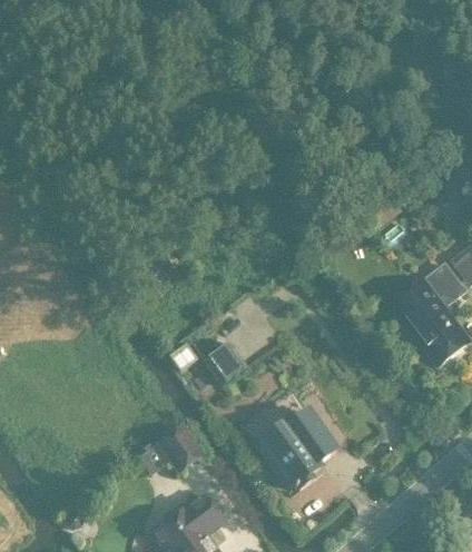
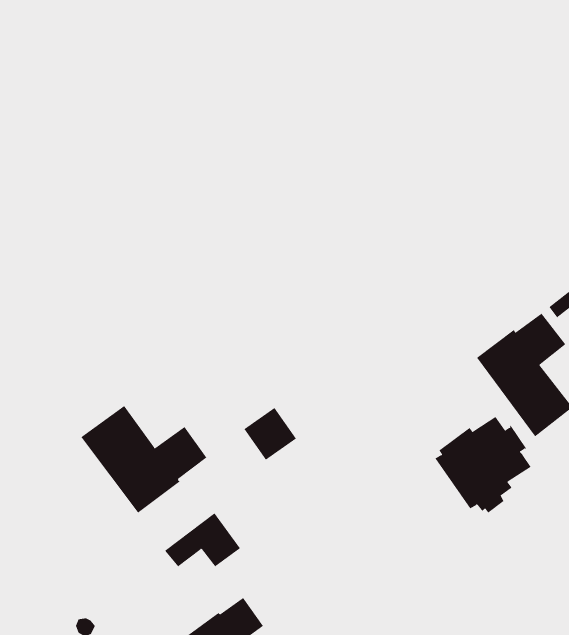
building: none -> [80,405,207,513]
building: [257,410,336,489] -> [434,416,531,513]

